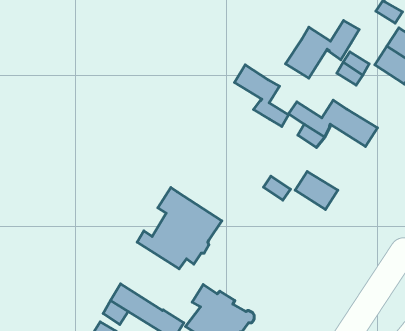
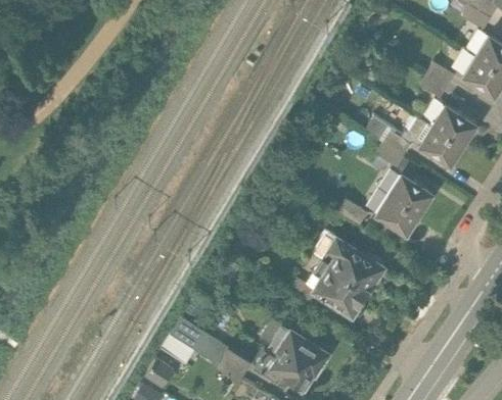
building: [285,20,359,78] -> none
building: [234,65,289,127] -> none
building: none -> [431,105,477,147]
building: none -> [387,174,435,215]
building: [137,187,222,269] -> [290,231,383,320]

